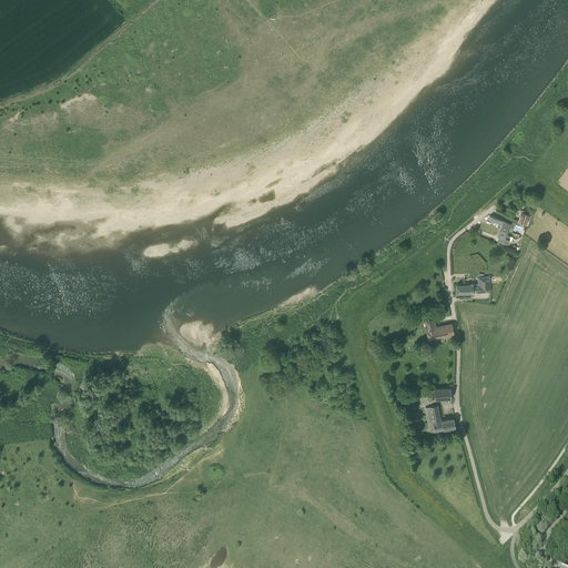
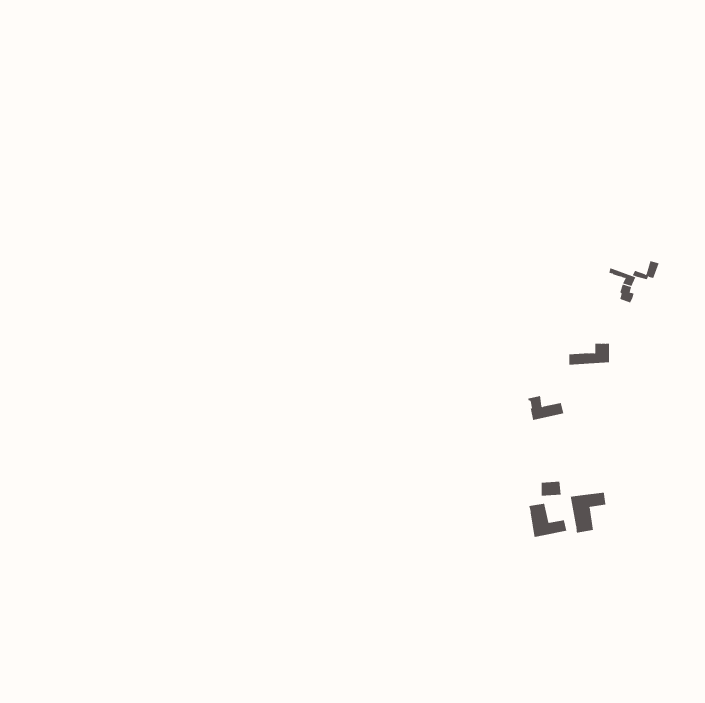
building: none -> [570,492,606,534]

